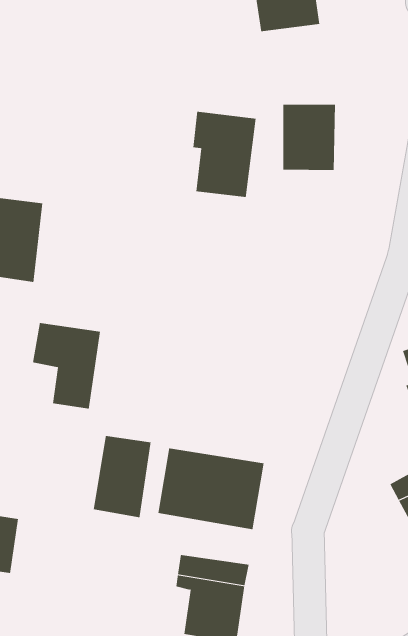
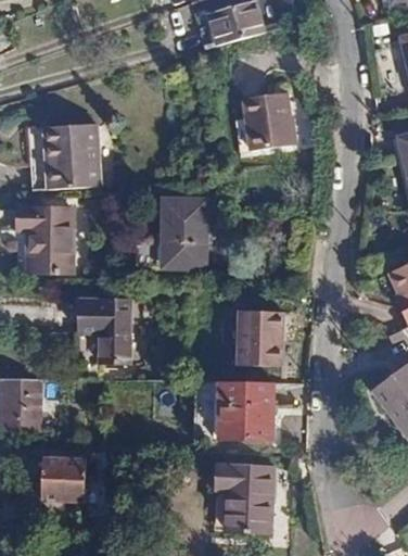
building: none -> [41,122,95,187]
building: [192,111,257,197] -> [153,195,203,261]
building: none -> [238,313,282,369]
building: [93,435,151,518] -> none

